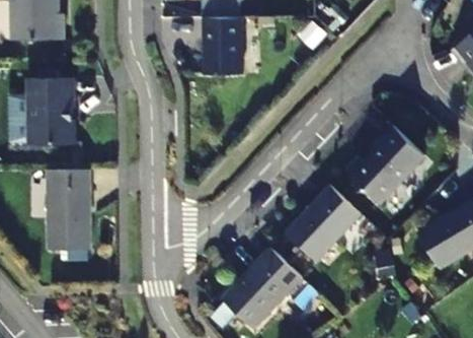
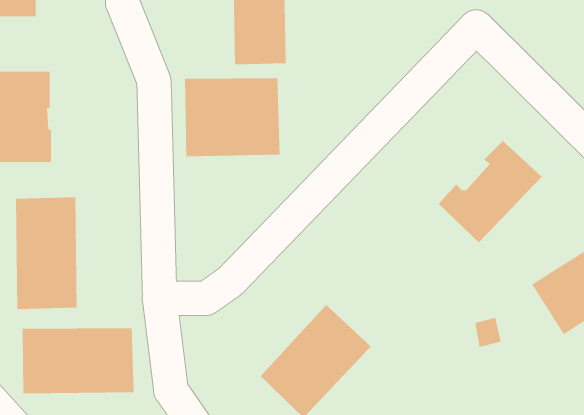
building: none -> [184,78,280,157]
building: [285,186,361,263] -> none
building: none -> [22,328,134,394]

